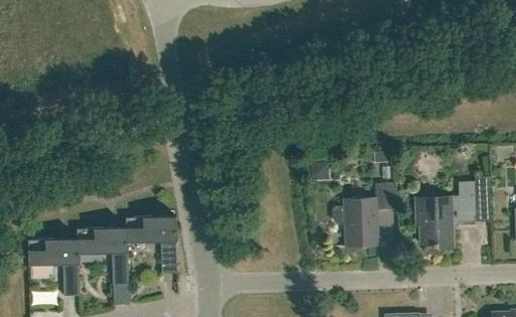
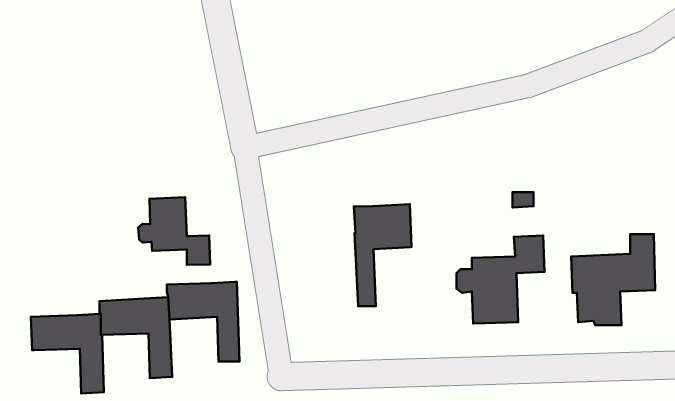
building: none -> [138,197,210,265]
building: none -> [354,204,412,306]

